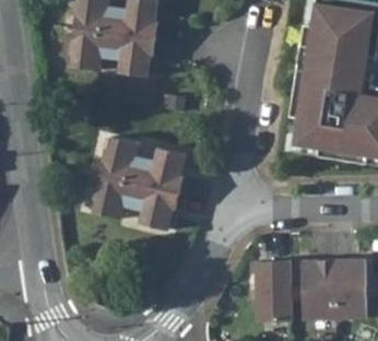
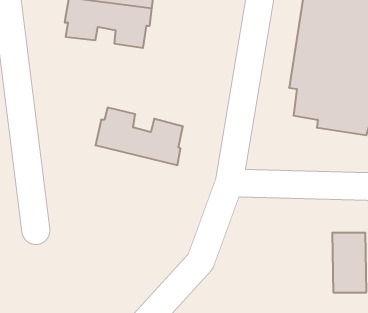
building: [92,173,180,230] -> none
building: [302,259,334,319] -> none
building: [257,260,292,322] -> none

